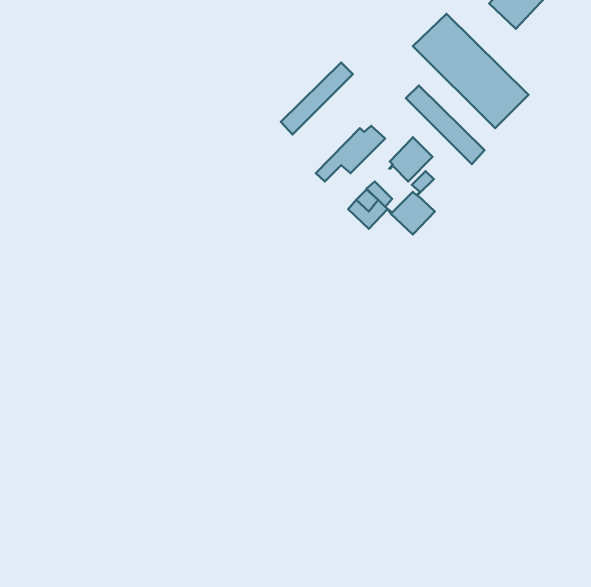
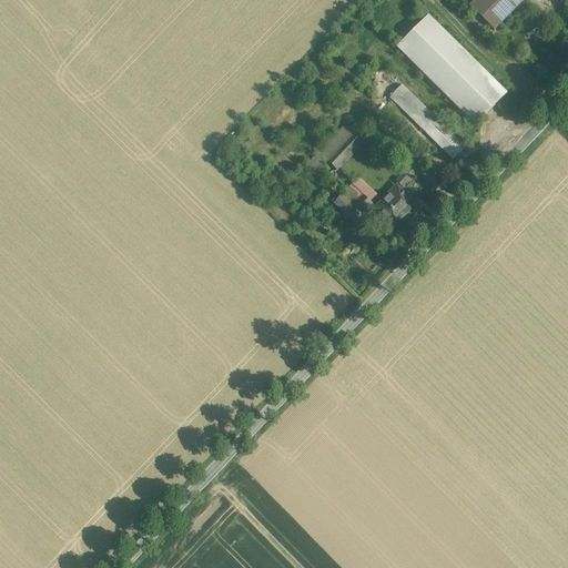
building: [281,63,353,135] -> none
building: [389,137,433,181] -> none

